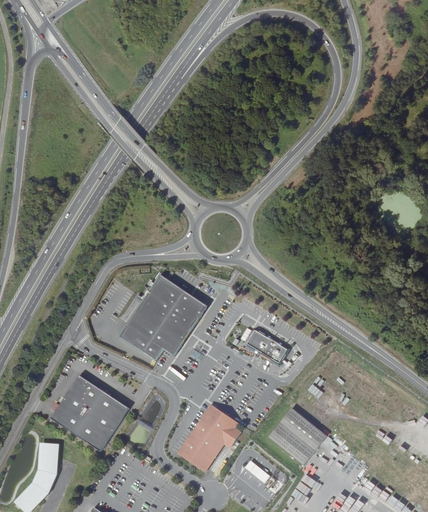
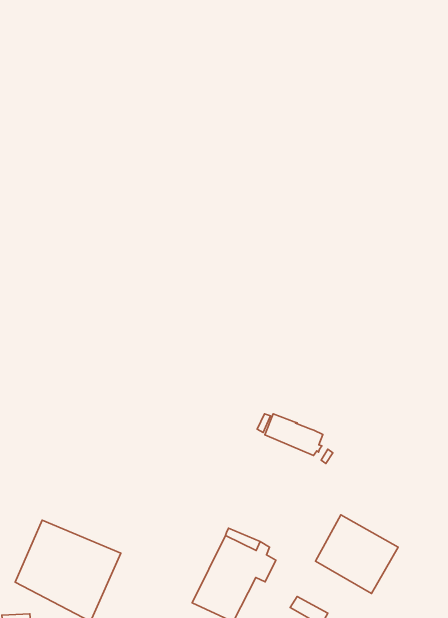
building: [118,275,206,361] -> none

